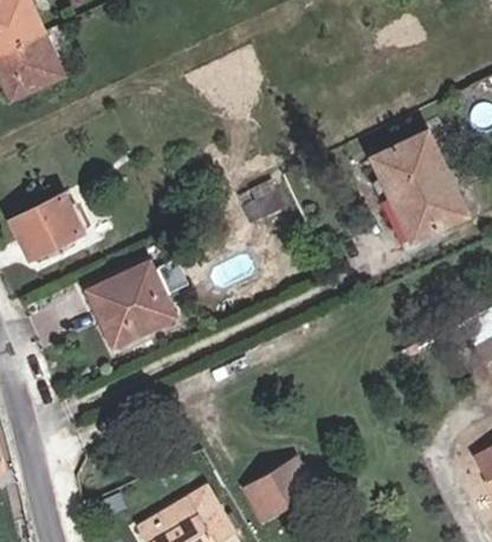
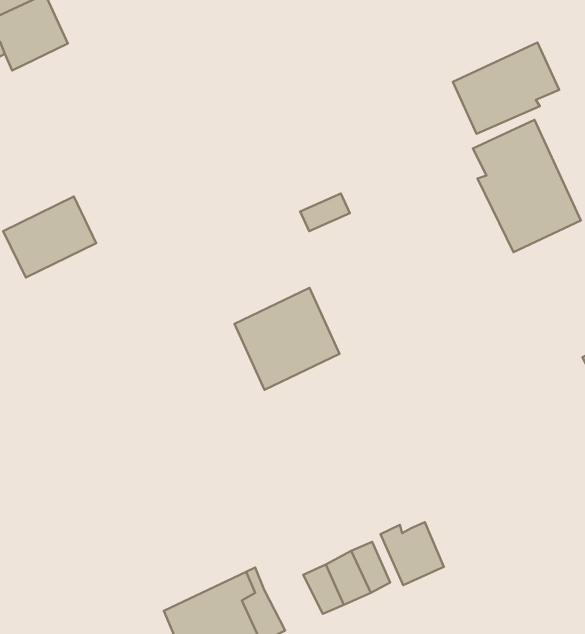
building: none -> [453,43,559,134]
building: [89,263,171,343] -> [235,288,340,390]
building: none -> [381,522,444,585]

